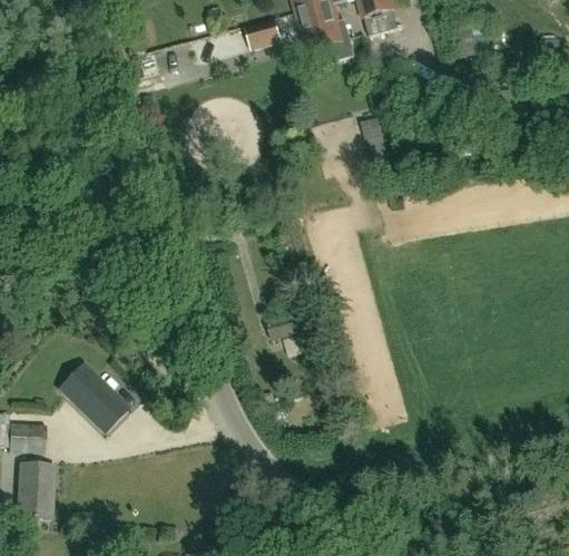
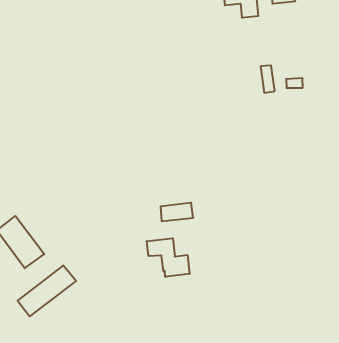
building: none -> [147,238,190,277]
building: none -> [18,265,76,316]

